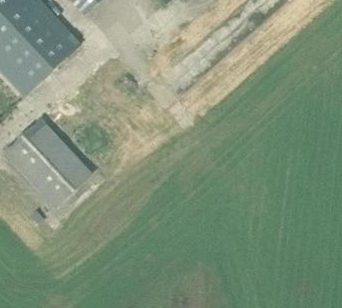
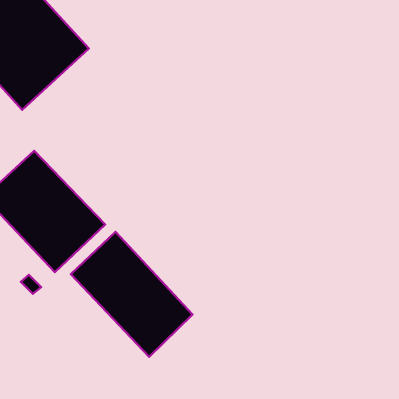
building: none -> [71,232,192,357]

